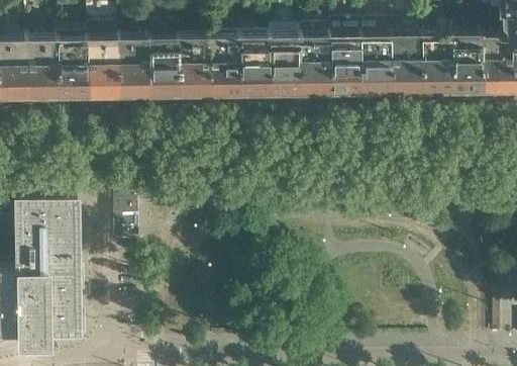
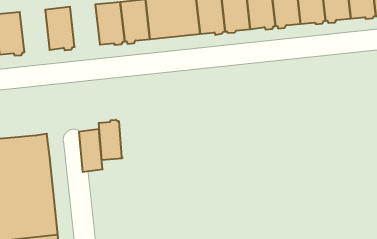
building: [119,47,150,98] -> none
building: [59,48,90,98] -> none
building: none -> [99,120,122,160]

